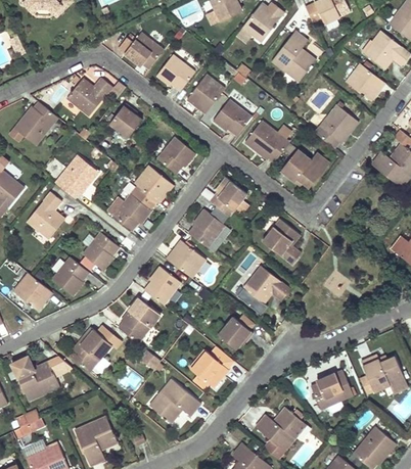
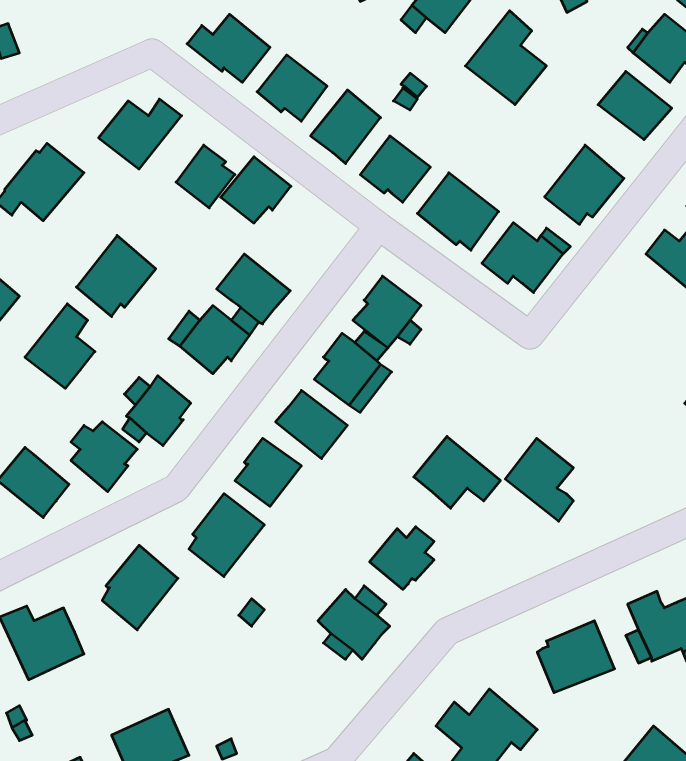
building: [156,137,195,174] -> [221,157,291,223]
building: [261,219,299,265] -> [505,438,573,521]
building: [148,380,200,425] -> none

